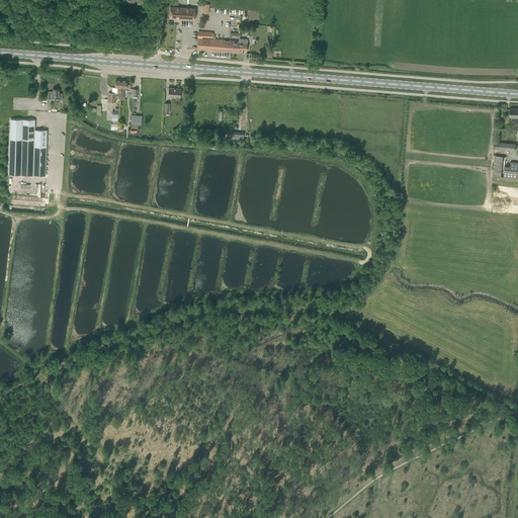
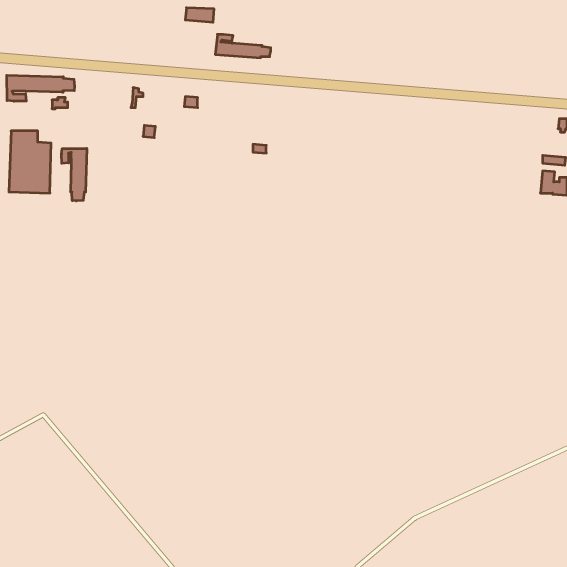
building: none -> [7,75,75,101]
building: none -> [62,148,87,201]

